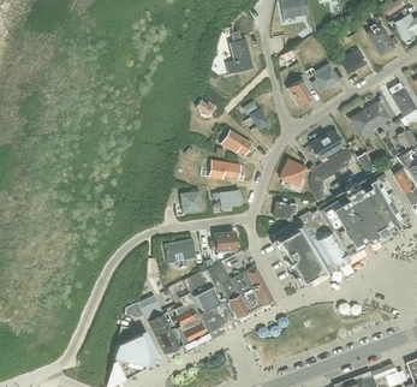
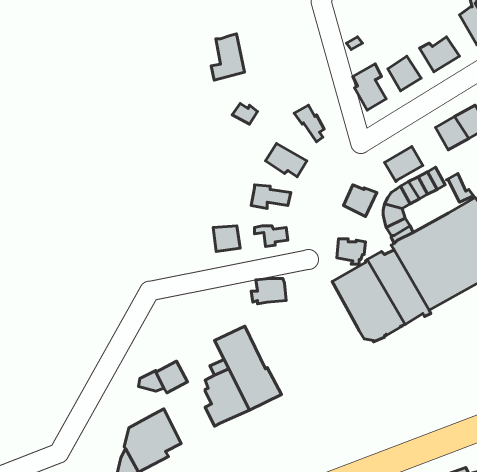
building: [227,38,252,73] -> [211,34,244,80]
building: [165,239,196,262] -> none
building: [207,262,273,317] -> none
building: [149,311,180,353] -> none

